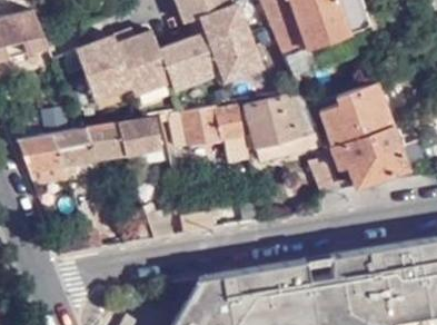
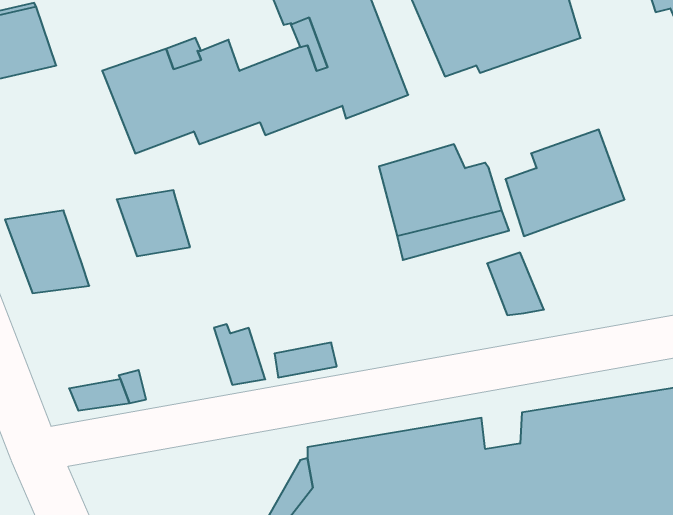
building: [173,105,250,165] -> none
building: [120,119,162,156] -> none
building: [52,127,100,174] -> none
building: [331,127,408,191] -> none

